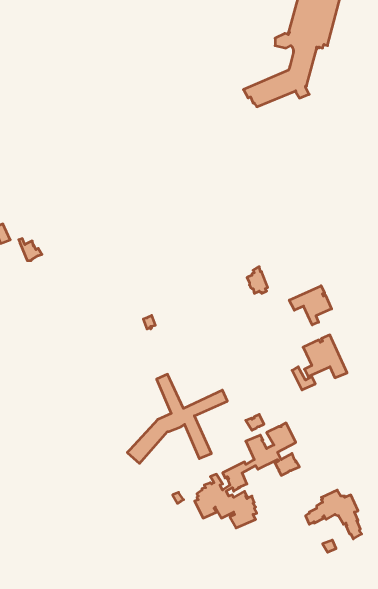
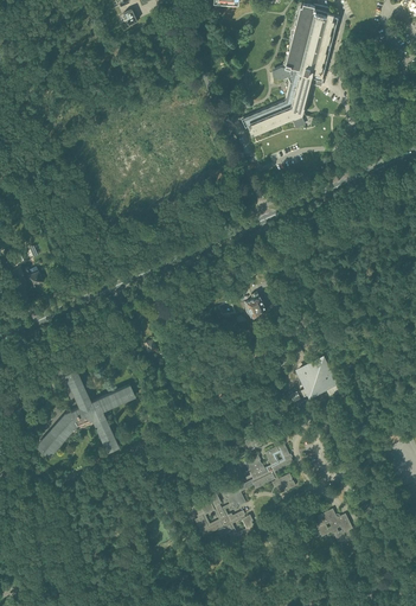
building: [289,286,332,325] -> none
building: [127,374,227,463] -> [37,370,134,457]

